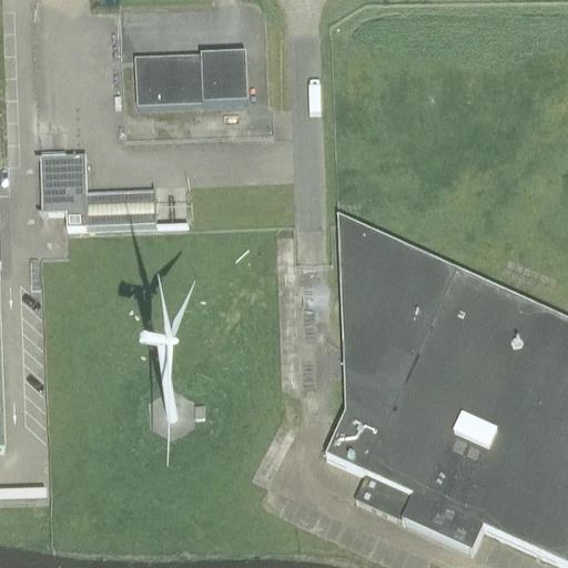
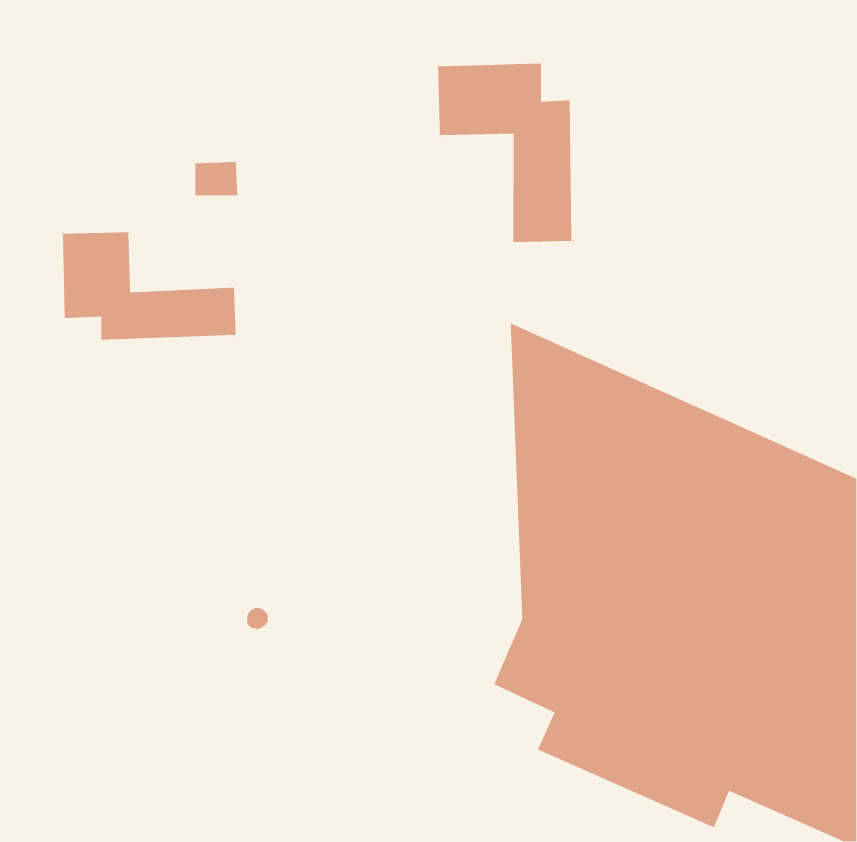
building: none -> [437,62,576,292]
building: [135,51,248,104] -> none

